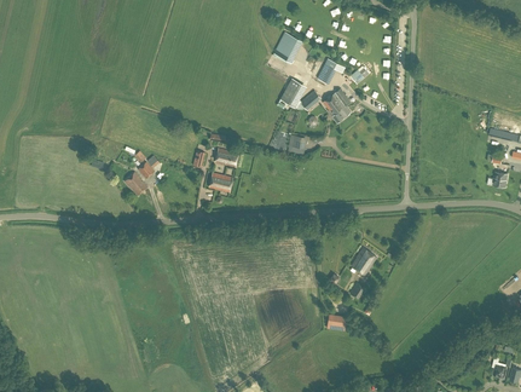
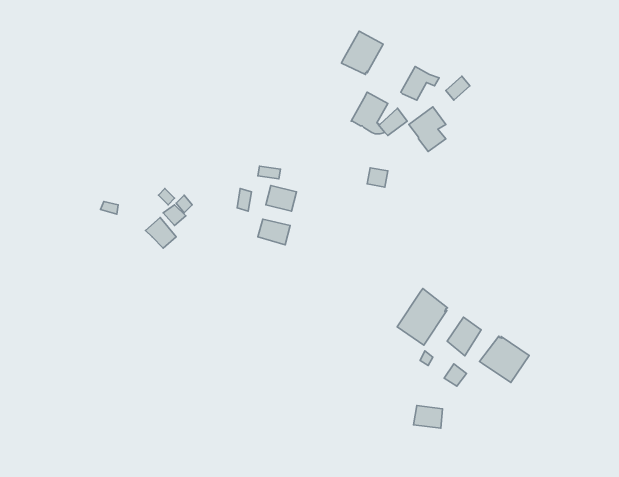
building: none -> [397,289,448,345]
building: none -> [480,336,529,382]

